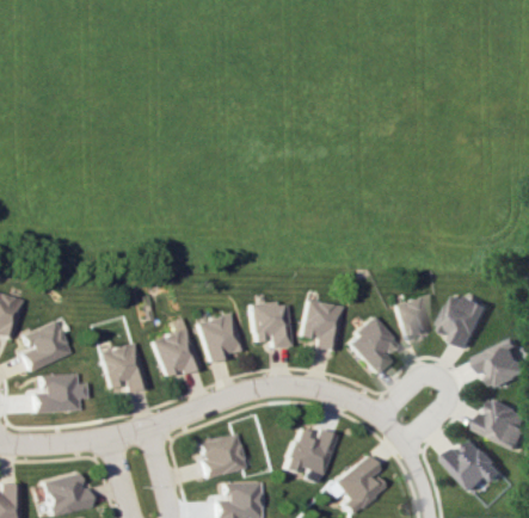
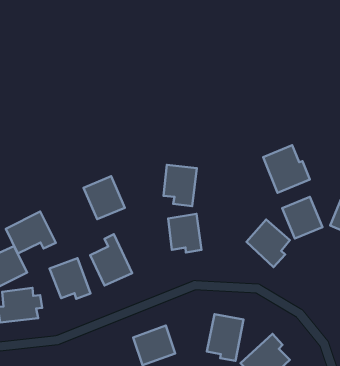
building: none -> [263,145,310,193]
building: none -> [6,211,56,254]
building: [299,300,342,352] -> [164,165,197,206]
building: [197,312,245,362] -> [84,176,125,219]

